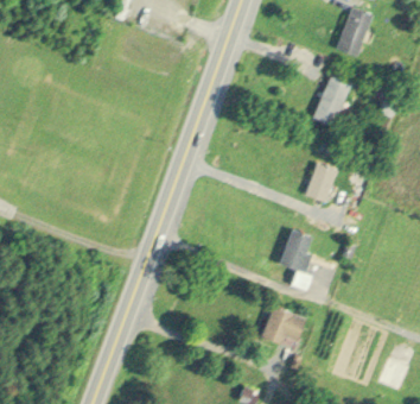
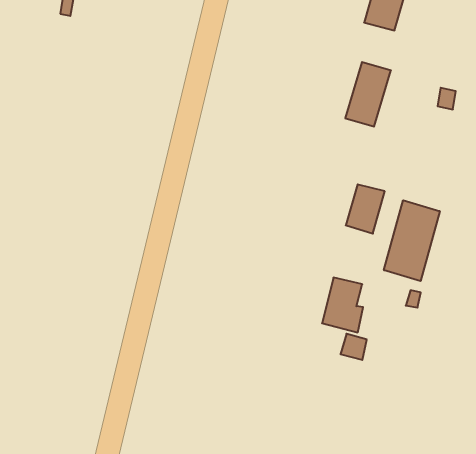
building: none -> [384,200,440,281]
building: [263,305,307,345] -> none

